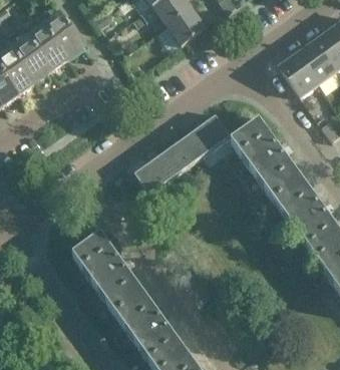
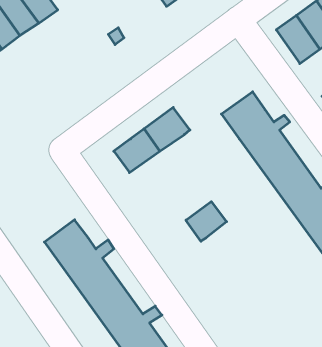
building: [188,106,233,153] -> none
building: none -> [186,202,227,241]

